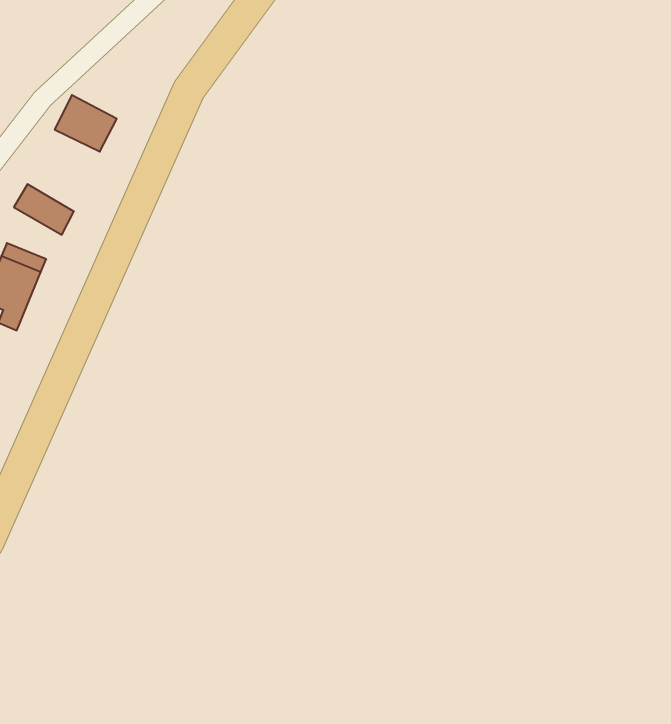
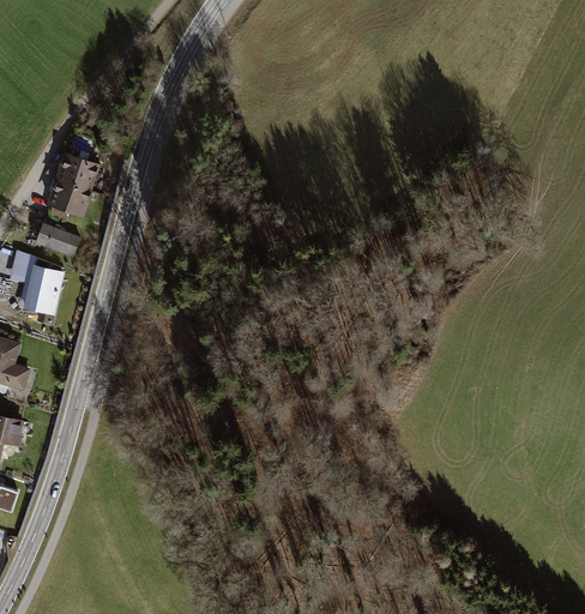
building: none -> [47,180,90,217]

